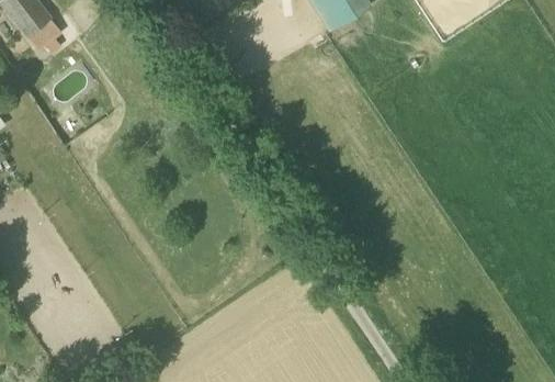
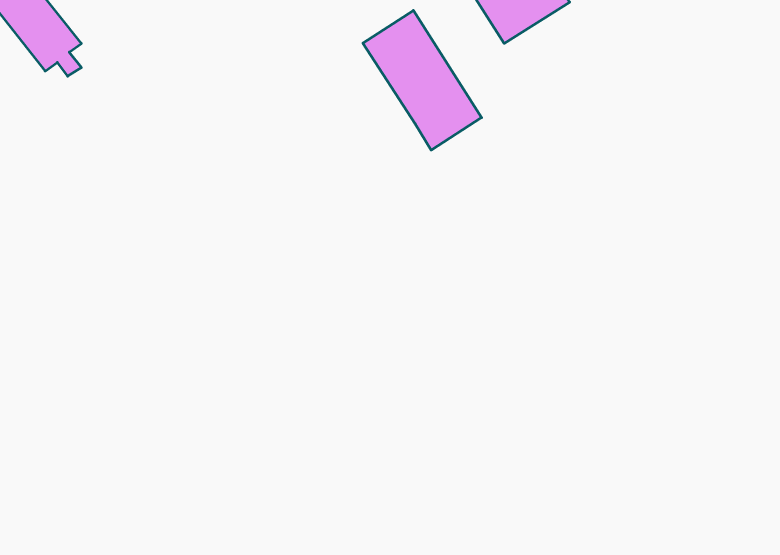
building: none -> [363,10,482,150]

